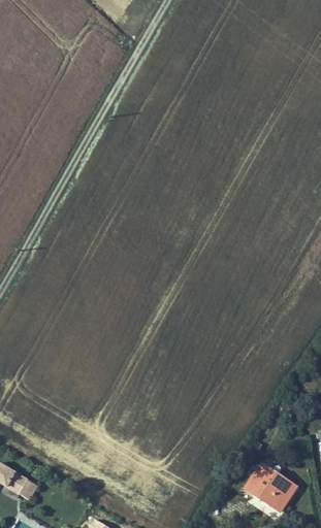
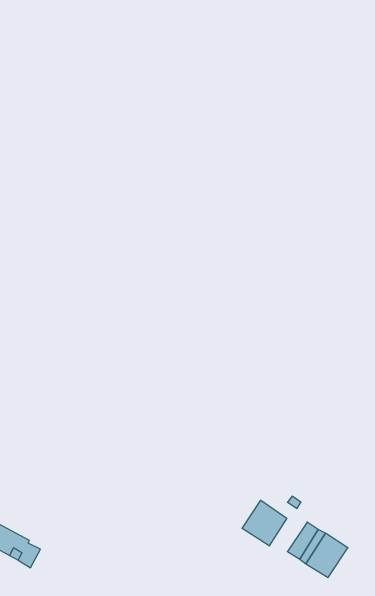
building: none -> [242,500,287,546]

